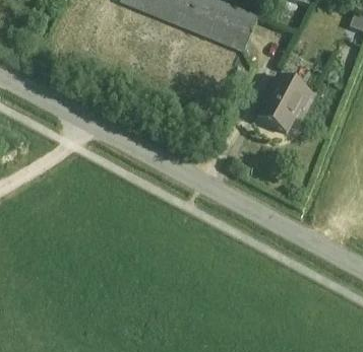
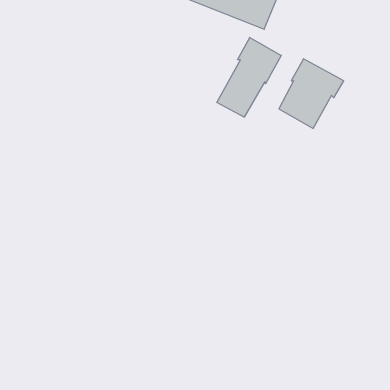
building: none -> [217,37,281,117]

